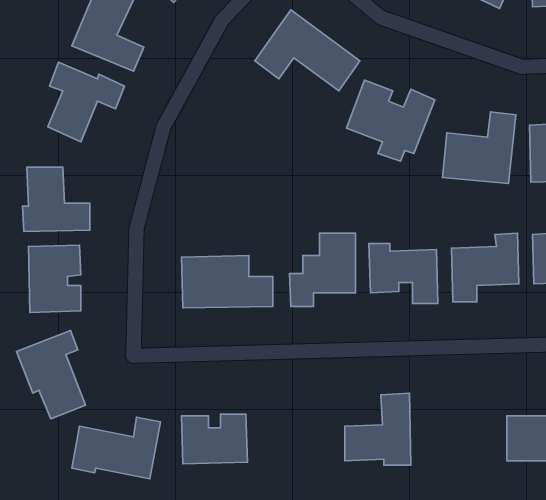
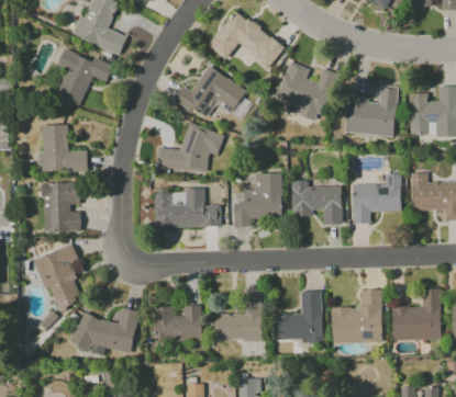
building: none -> [174,67,246,118]
building: none -> [156,127,222,172]
building: none -> [331,290,382,343]
building: none -> [213,293,263,341]

